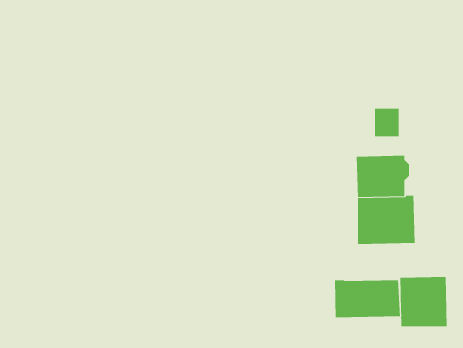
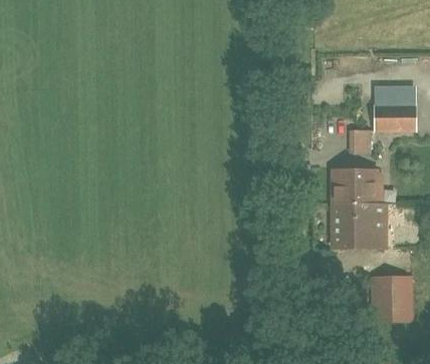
building: none -> [374,90,415,130]
building: [334,280,400,318] -> none

